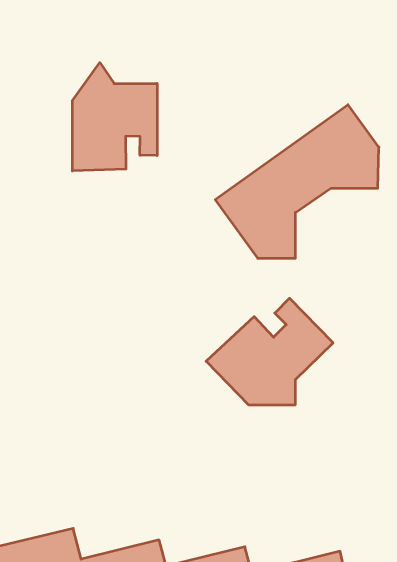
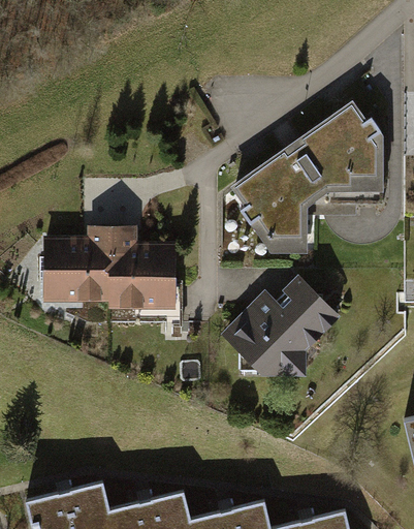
building: [72,63,157,171] -> none
building: none -> [43,226,176,309]

